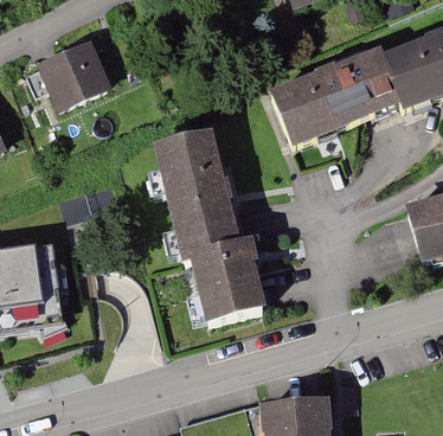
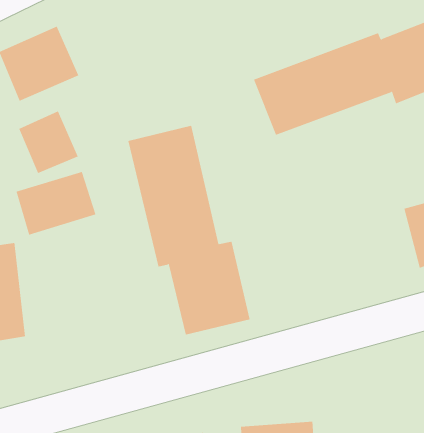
building: none -> [19,111,78,174]
building: none -> [16,171,96,236]

